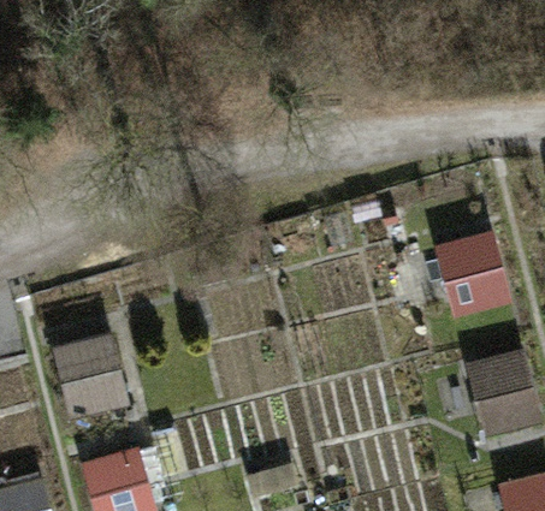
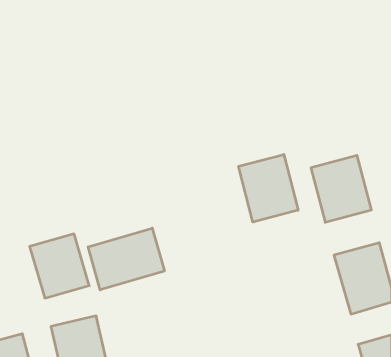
building: none -> [239,154,298,222]
building: none -> [88,228,164,290]

